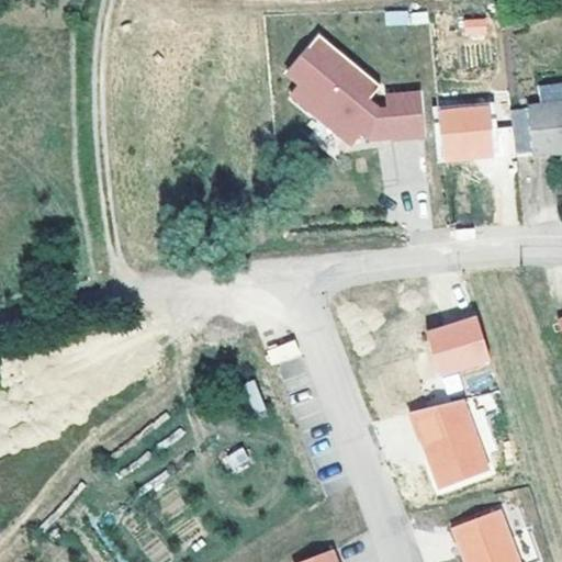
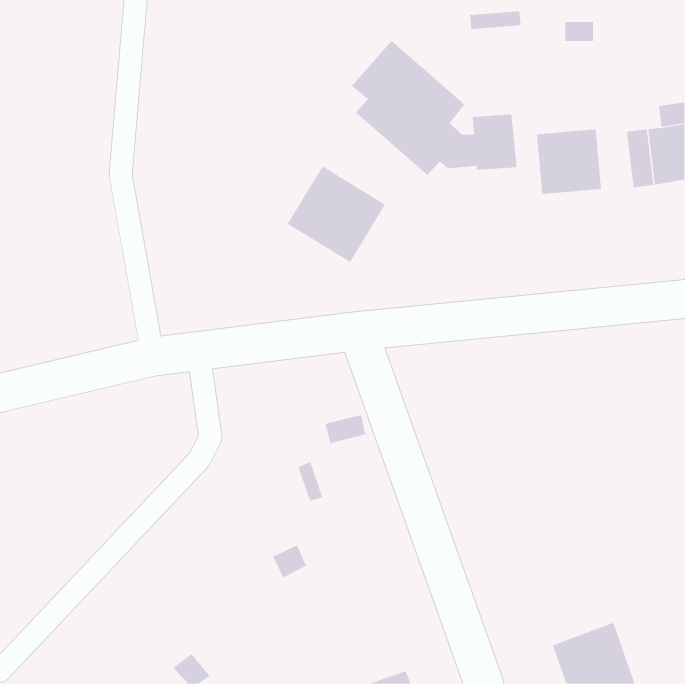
building: none -> [287,165,386,263]
building: [428,316,490,373] -> none
building: [409,401,490,490] -> none

